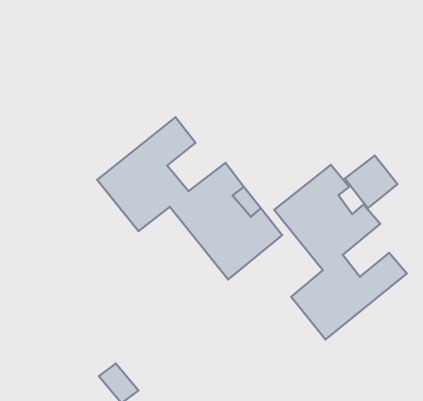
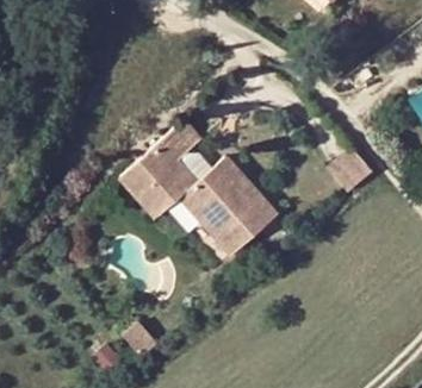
building: [274,165,407,339] -> none

